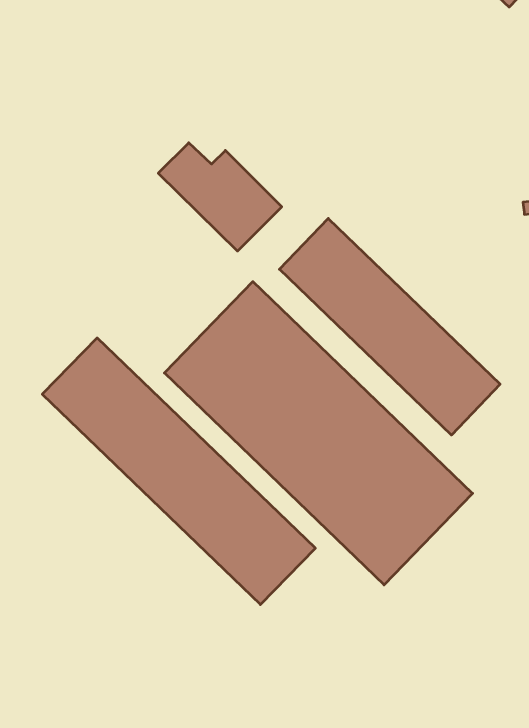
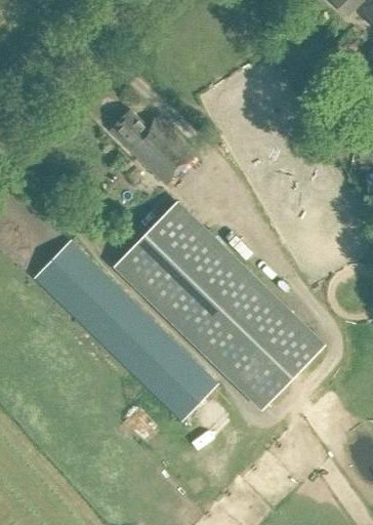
building: [279,218,500,435] -> none

